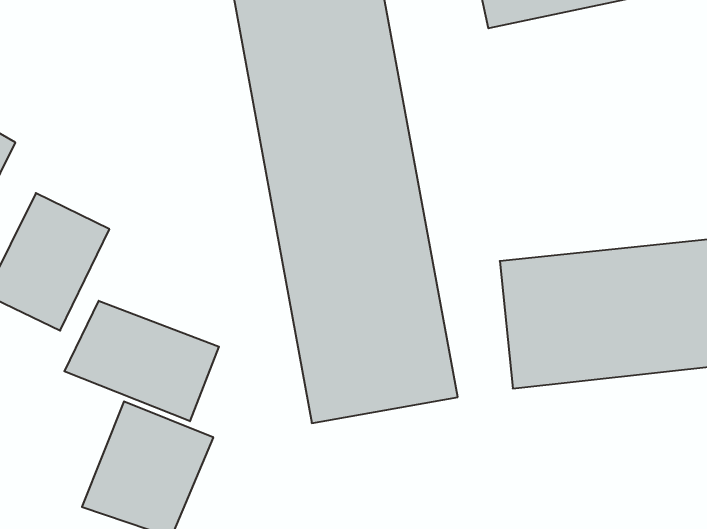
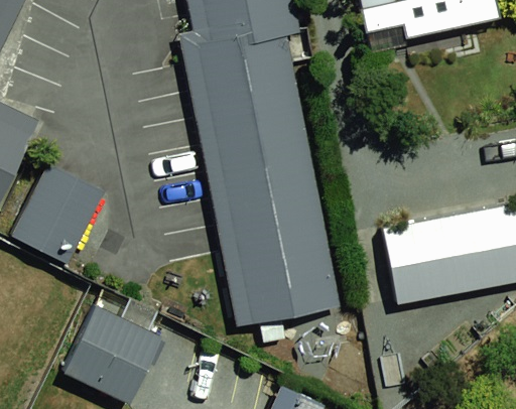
building: [64,301,219,421] -> none

